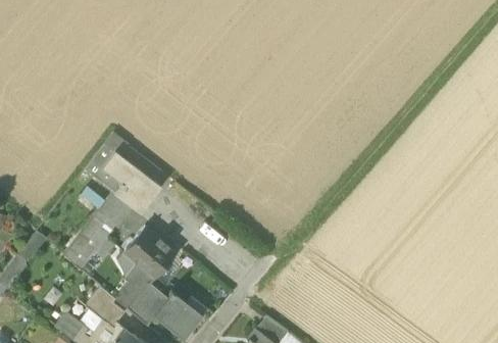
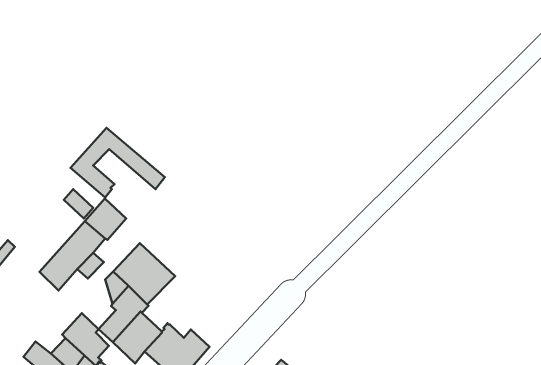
building: [103,151,155,207] -> none

